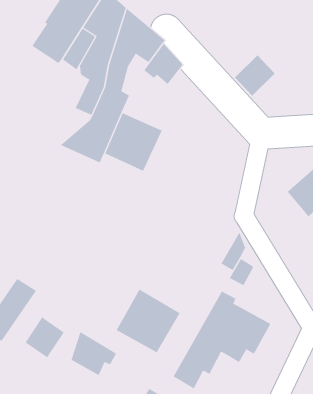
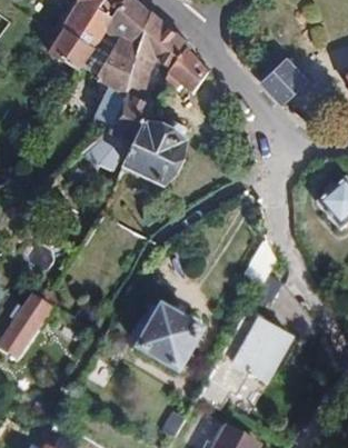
building: [25,317,64,358] -> none
building: [71,331,117,376] -> none

